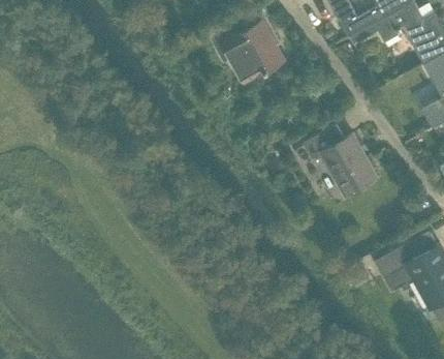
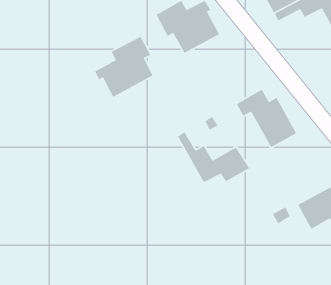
building: none -> [94,36,154,98]
building: none -> [177,131,250,183]

